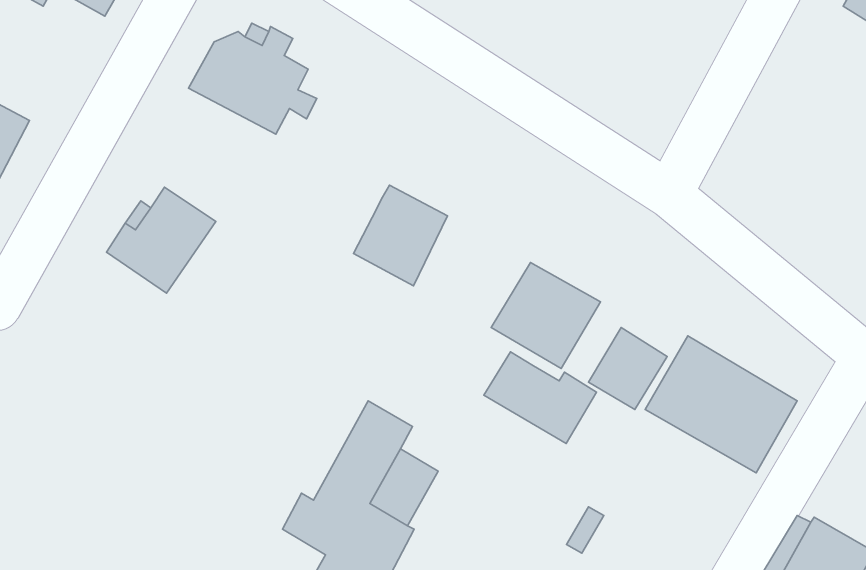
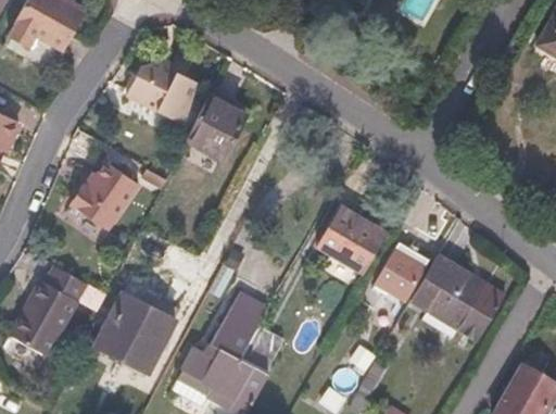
building: [354,185,448,286] -> [185,97,244,161]
building: none -> [8,265,88,356]
building: [484,352,597,444] -> none
building: none -> [93,292,172,373]

